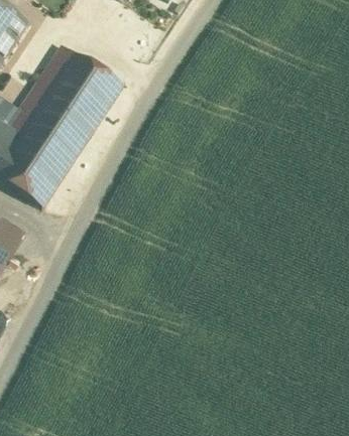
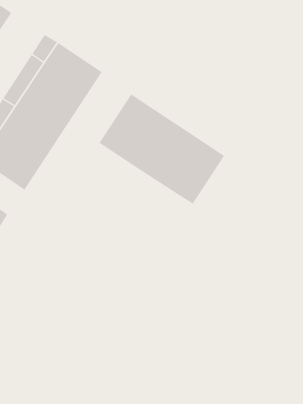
building: none -> [98,93,225,205]

